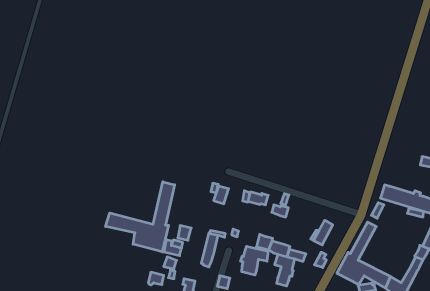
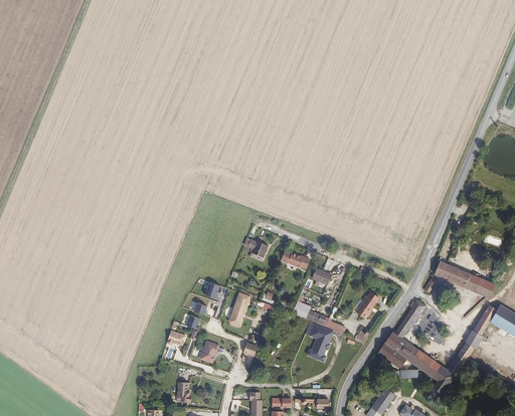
building: [106,182,175,252] -> none
building: [241,246,268,275] -> none

